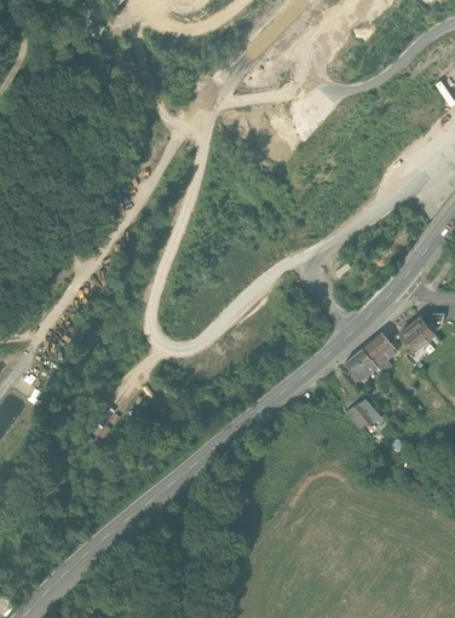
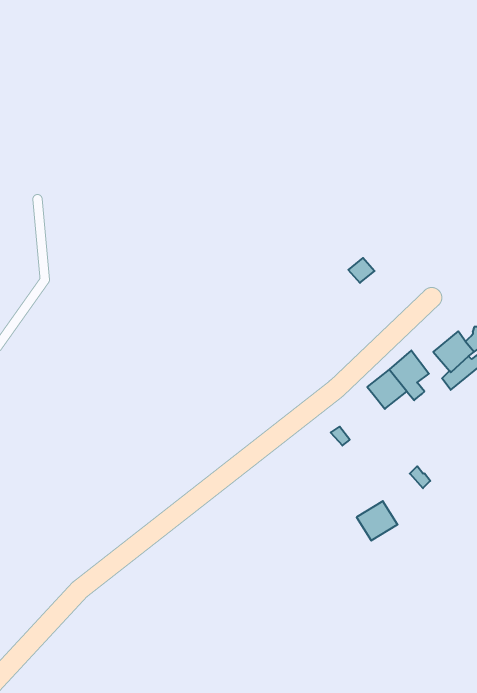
building: [346,398,380,431] -> [357,501,398,541]

